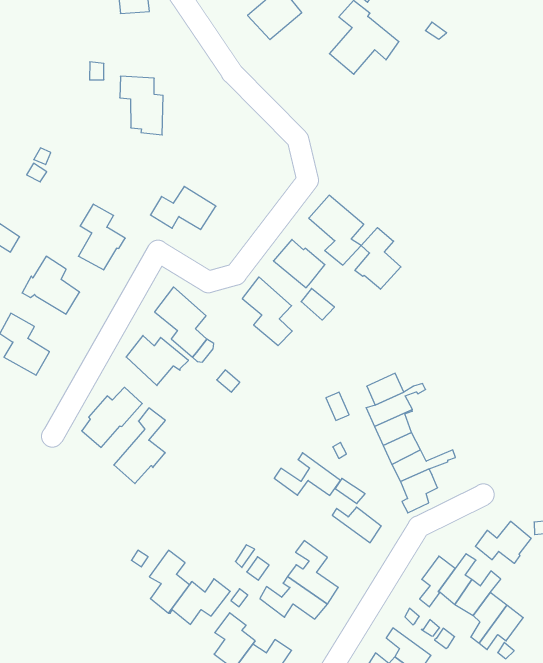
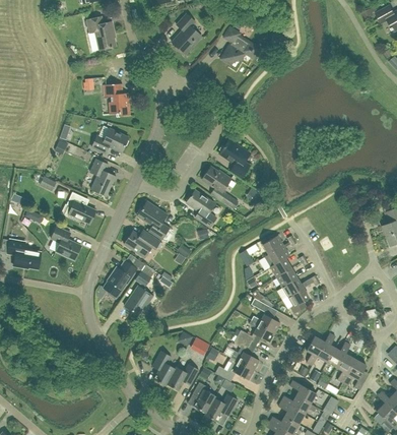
building: [150,186,216,230] -> [91,128,128,152]
building: [355,228,401,289] -> none
building: [274,453,340,495] -> [237,319,274,344]
building: [475,521,531,563] -> none

